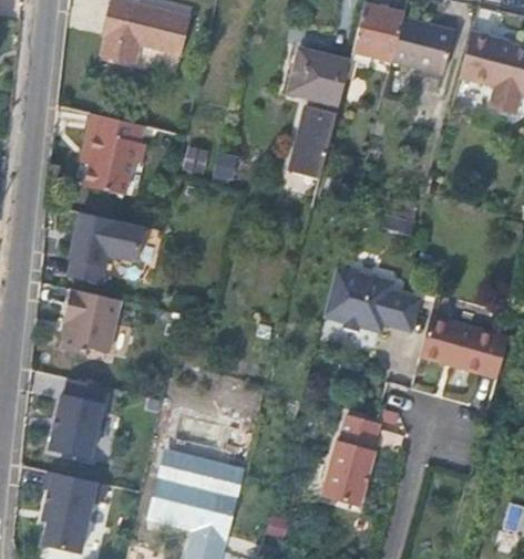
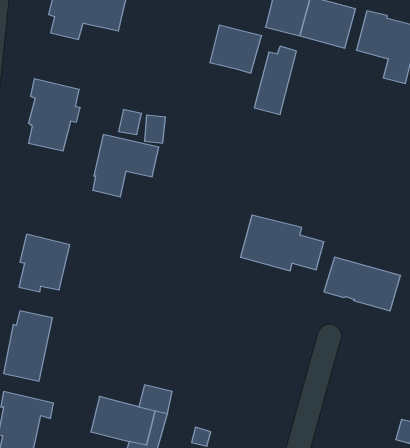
building: [289,100,338,178] -> [254,46,296,114]
building: [69,213,145,284] -> [93,135,159,197]
building: [321,415,378,507] -> none
building: [160,453,212,489] -> none

